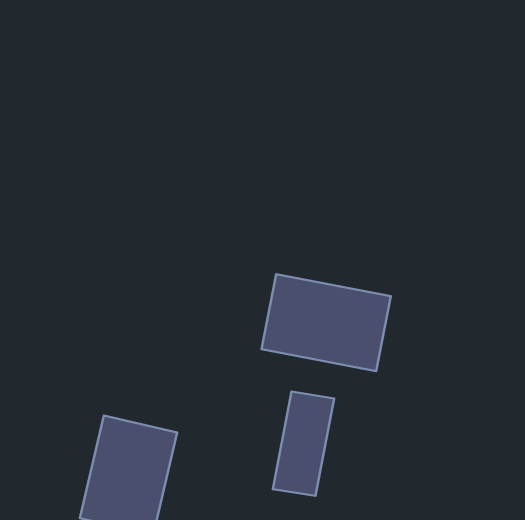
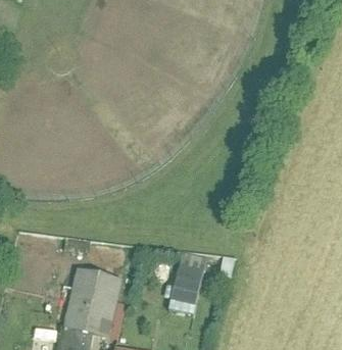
building: [262,274,391,371] -> none

